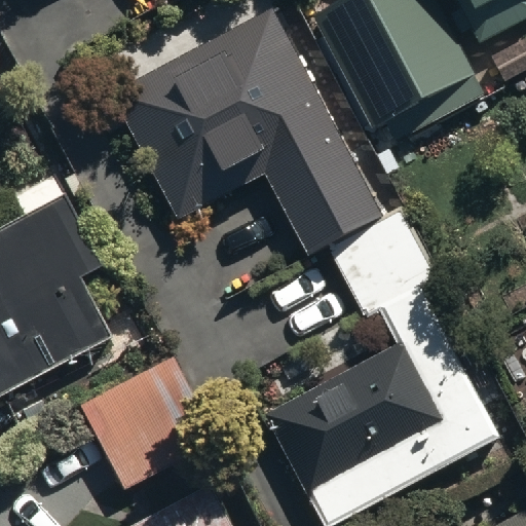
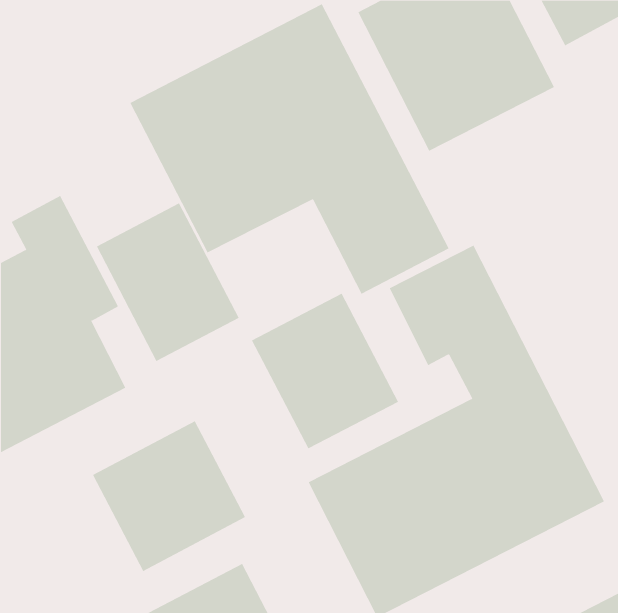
building: none -> [96,202,239,362]
building: none -> [251,293,399,449]

